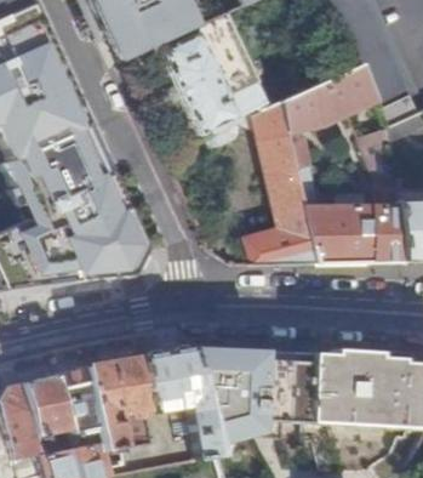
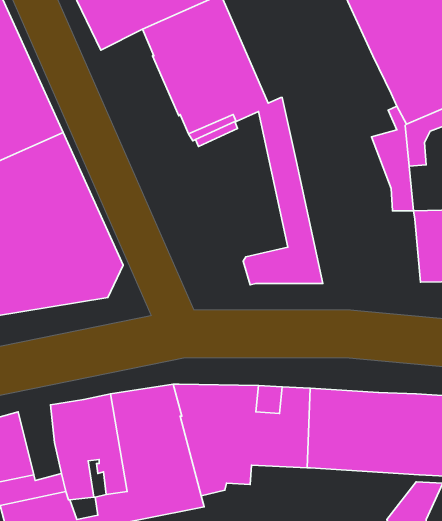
building: [282,62,402,260] -> none
building: [53,365,91,431] -> none

